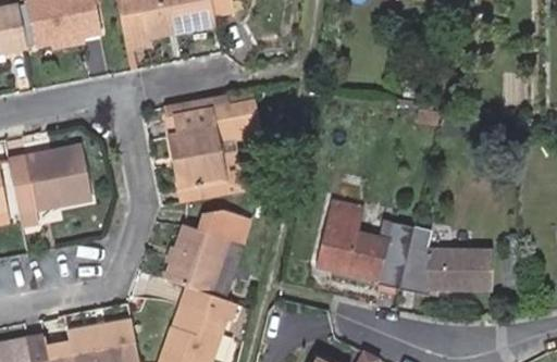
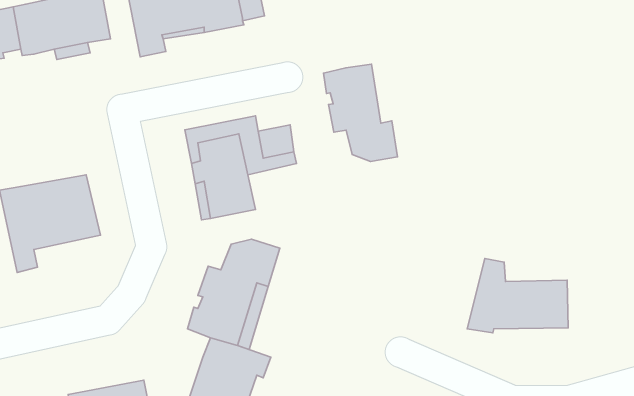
building: none -> [323,64,397,162]
building: [317,198,417,282] -> none

